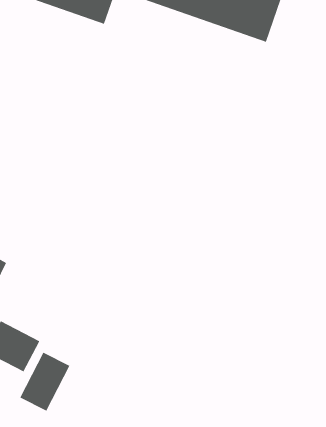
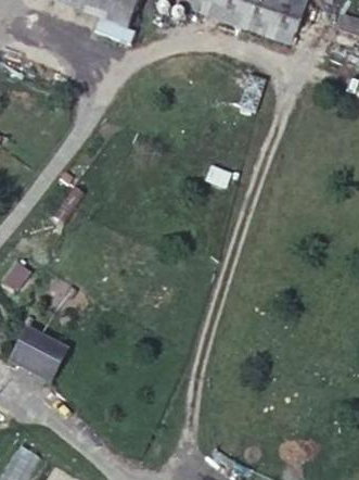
building: [20,352,70,412] -> none

